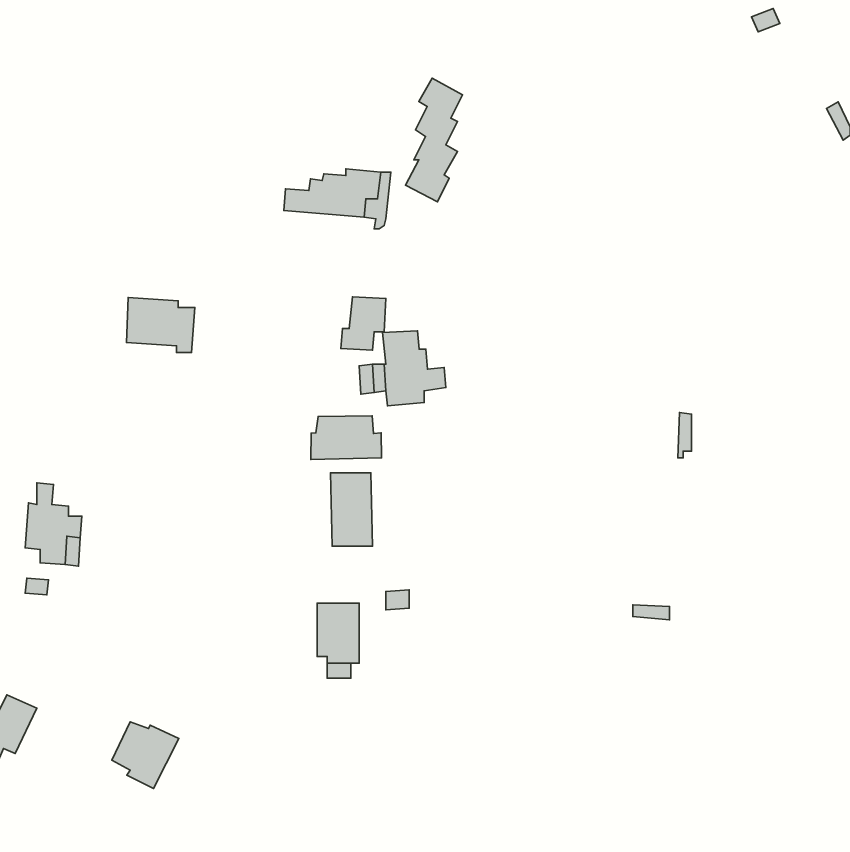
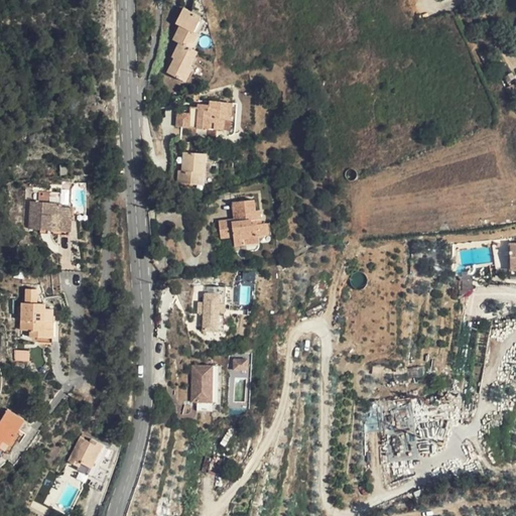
building: [406,78,462,202] -> [165,7,200,82]
building: [341,297,386,350] -> [177,151,205,183]
building: [127,297,195,353] -> [28,200,70,233]
building: [311,416,382,459] -> none

